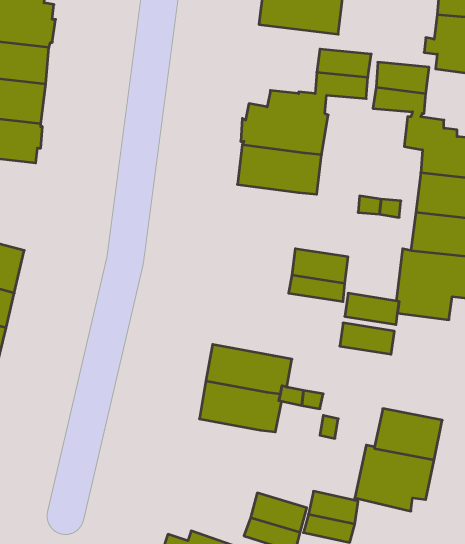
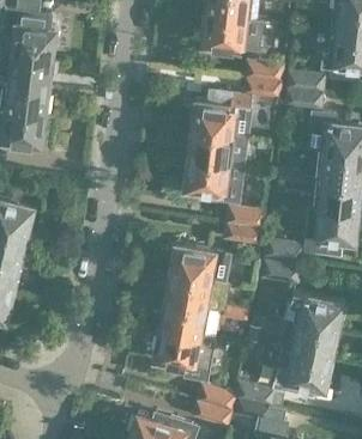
building: none -> [183,161,245,206]
building: none -> [169,248,231,288]
building: none -> [282,295,342,333]
building: none -> [155,331,216,384]

